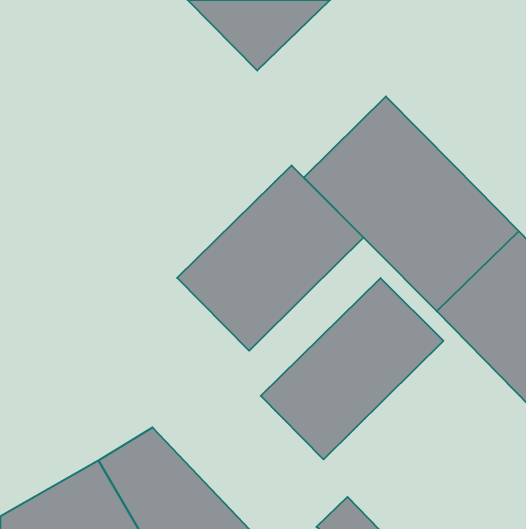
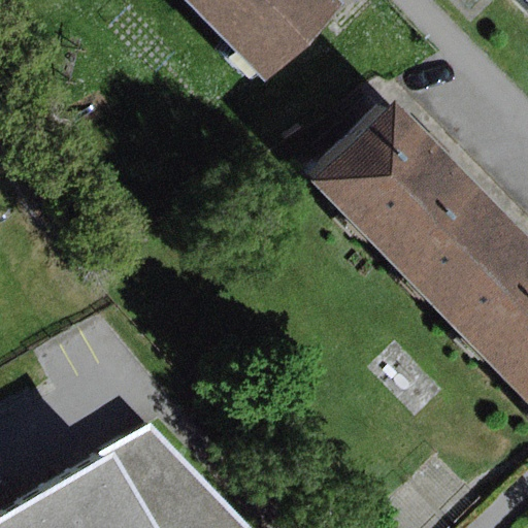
building: [177,165,364,351] -> none
building: [261,278,443,459] -> none

